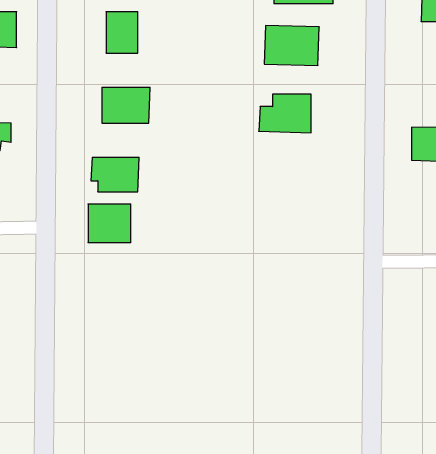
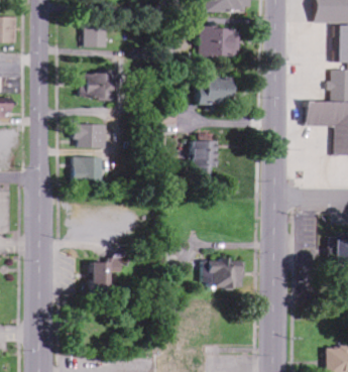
building: none -> [193,134,216,176]
building: none -> [201,259,245,288]
building: none -> [77,260,127,291]

